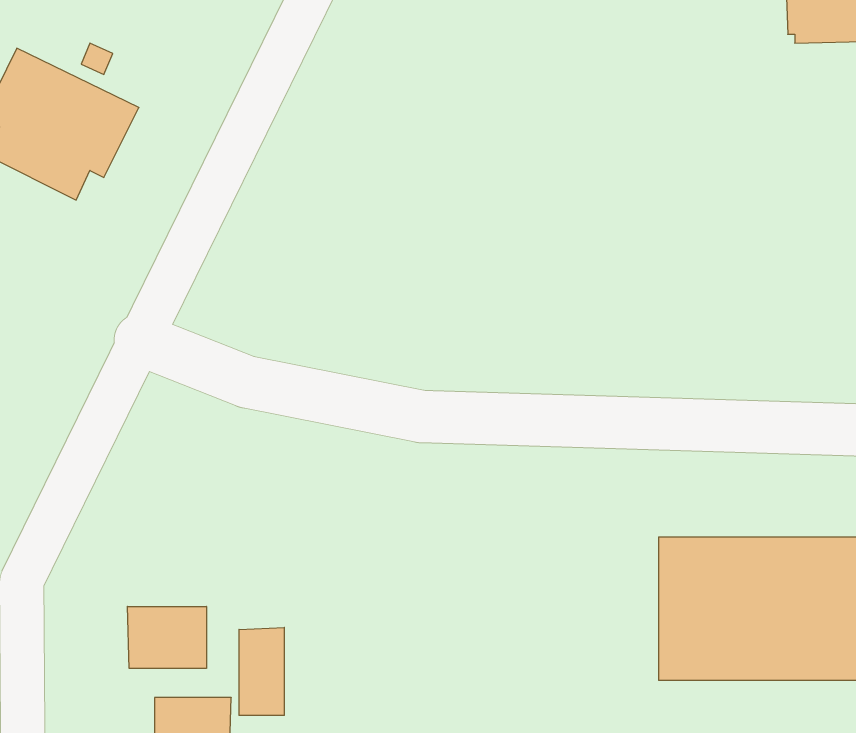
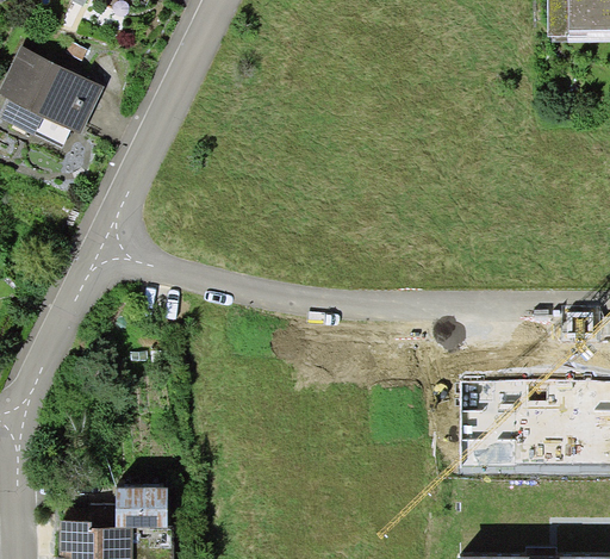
building: [127,606,206,668] -> none
building: [239,627,284,715] -> none

